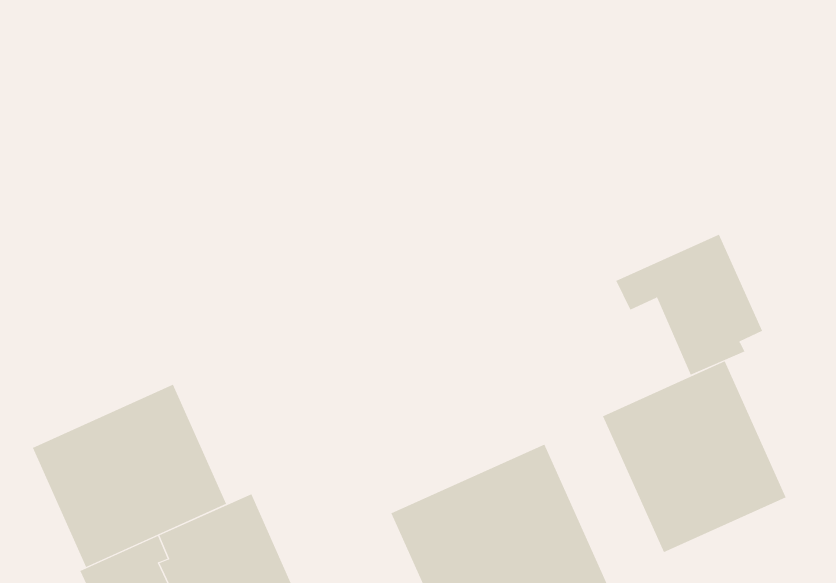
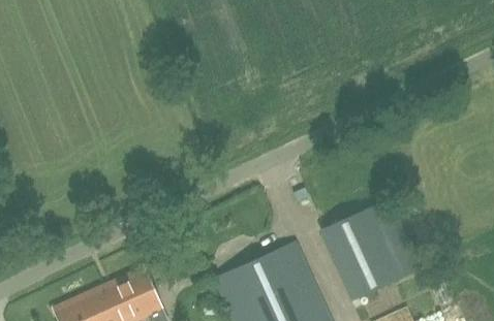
building: [615,234,763,375] -> none
building: [32,384,227,568] -> none

